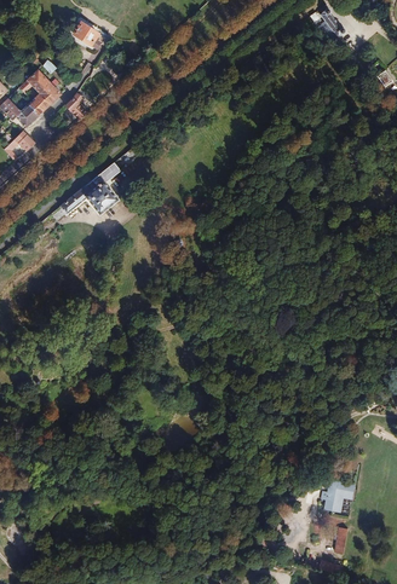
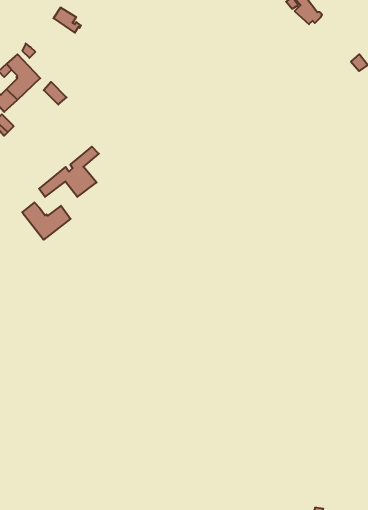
building: none -> [22,202,71,240]
building: [322,481,353,511] -> none

